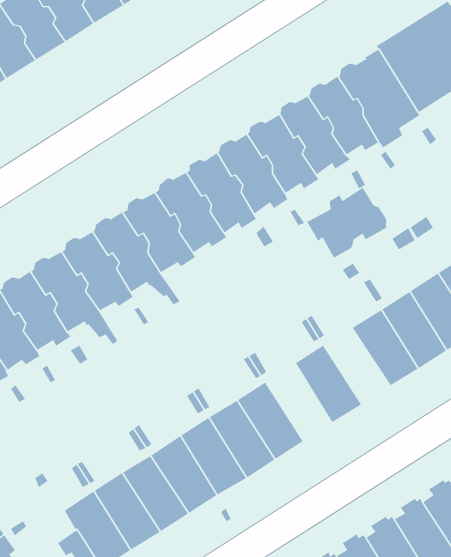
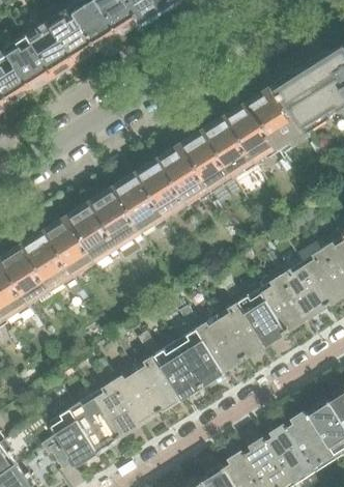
building: [307,187,387,258] -> none
building: none -> [238,288,287,344]
building: none -> [196,314,245,371]

